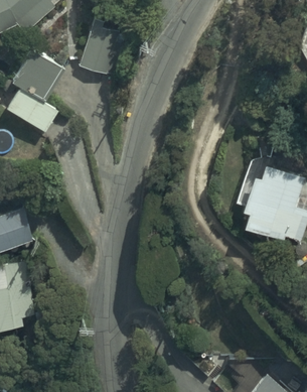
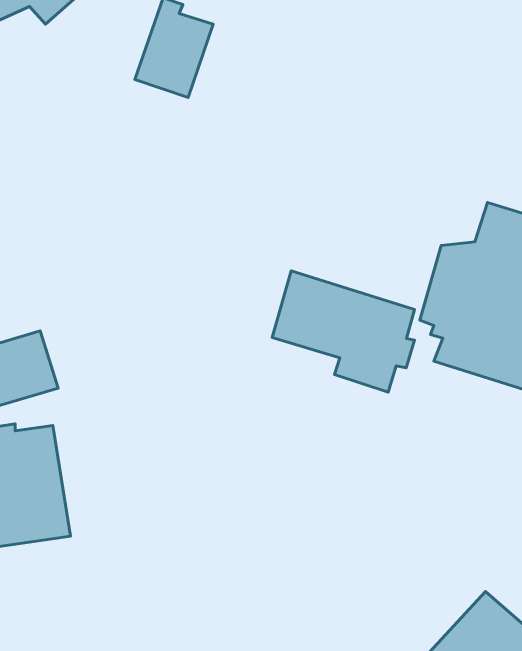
building: [7,49,63,134] -> none
building: none -> [272,271,415,392]

